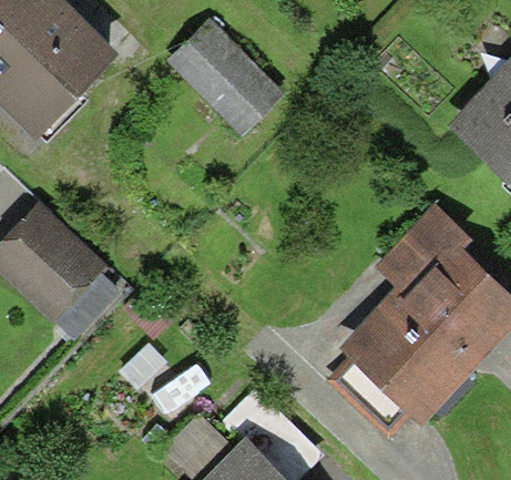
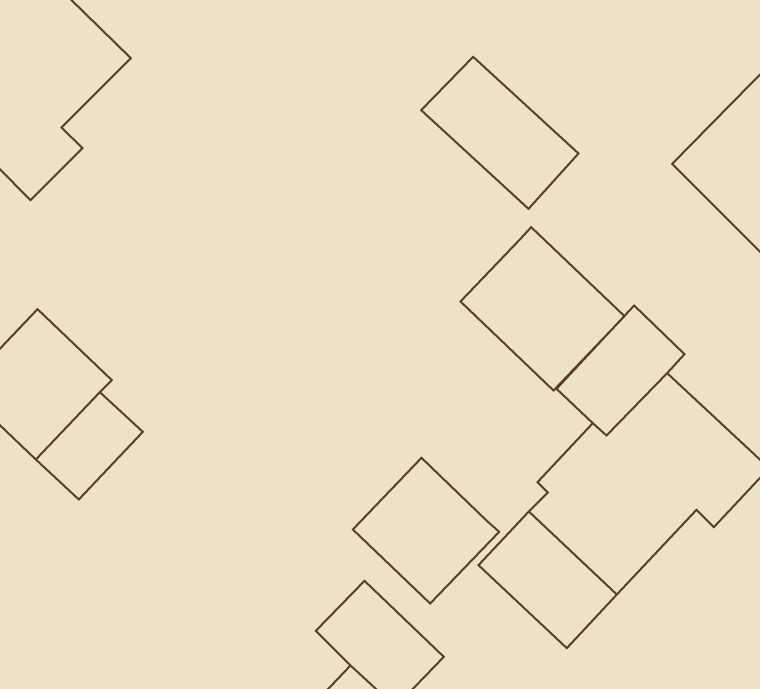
building: [172,24,273,122] -> [421,57,579,209]
building: none -> [460,227,624,390]
building: none -> [353,458,499,604]

